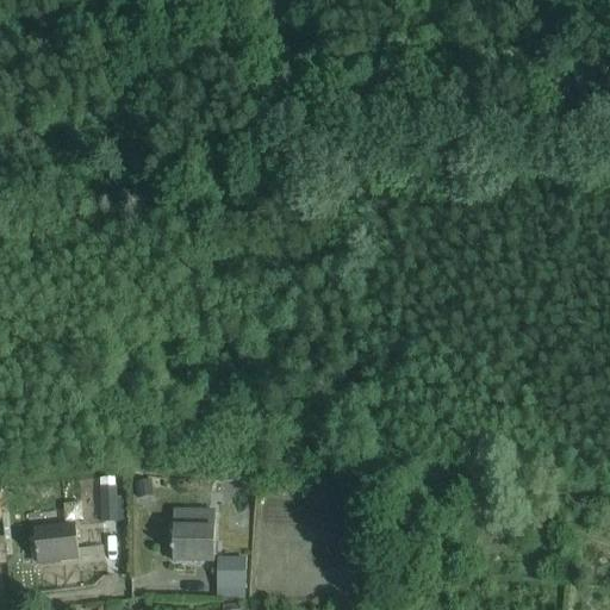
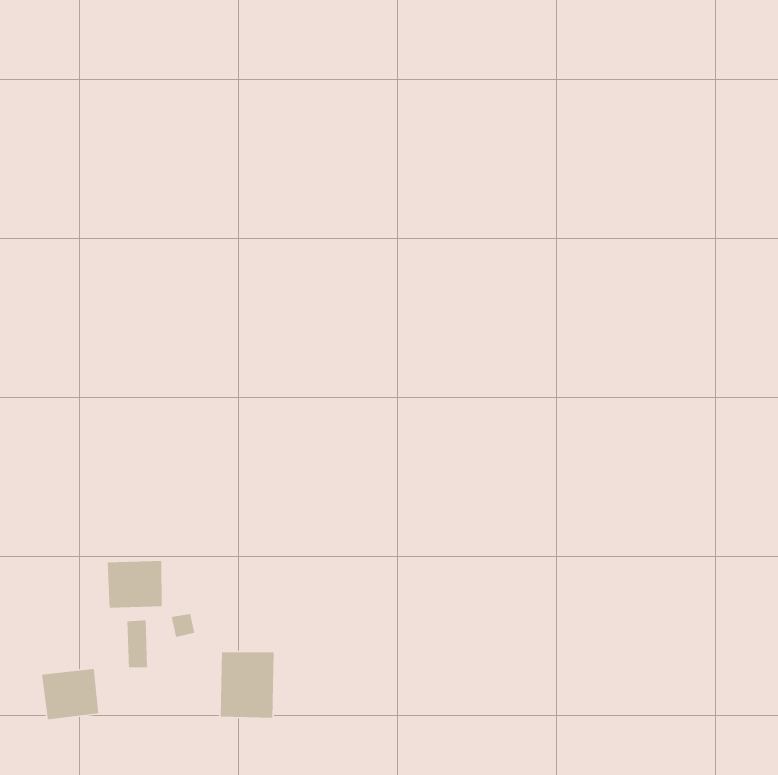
building: none -> [107,560,163,609]
building: [216,556,244,598] -> none

